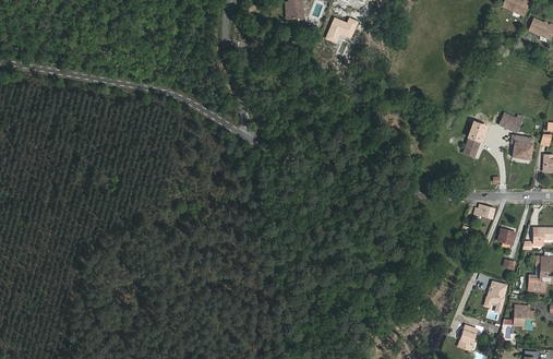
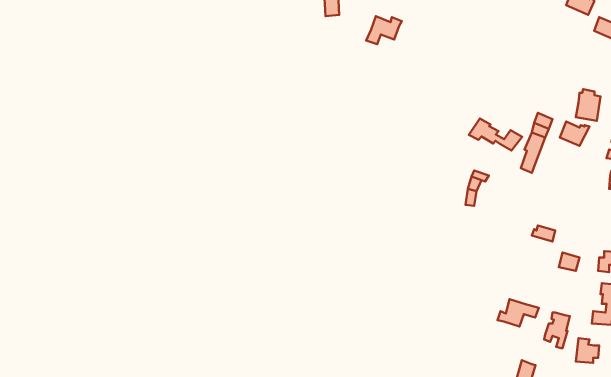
building: none -> [469,118,522,151]
building: [512,132,533,160] -> [576,89,600,121]
building: none -> [498,299,539,327]

